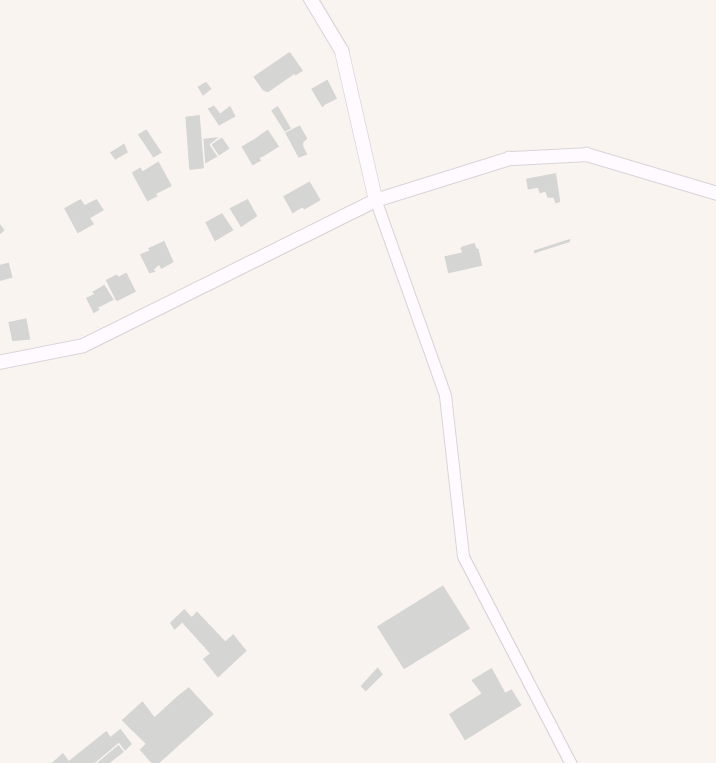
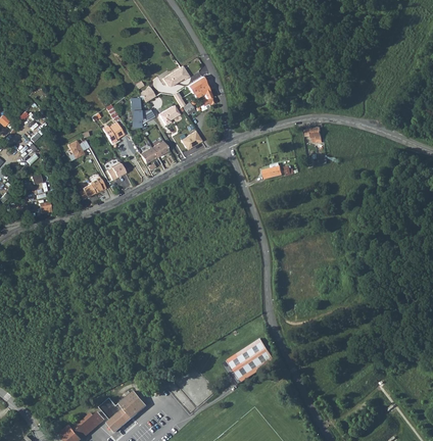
building: [169,608,248,679] -> none
building: [448,667,523,741] -> none

